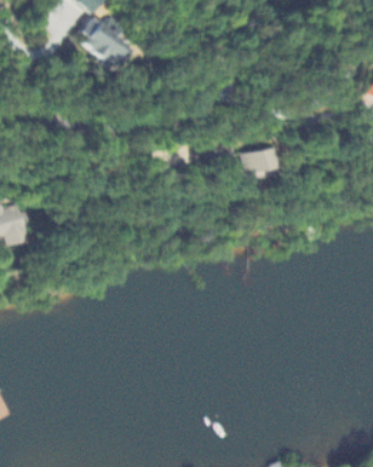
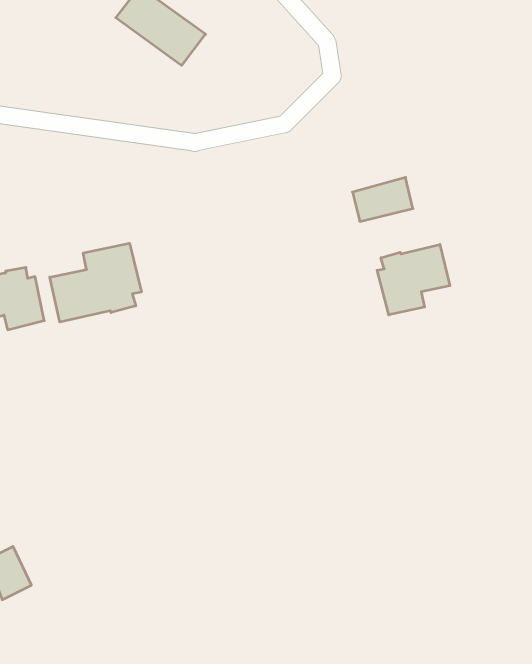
building: none -> [50,243,141,322]
building: none -> [377,244,450,315]

